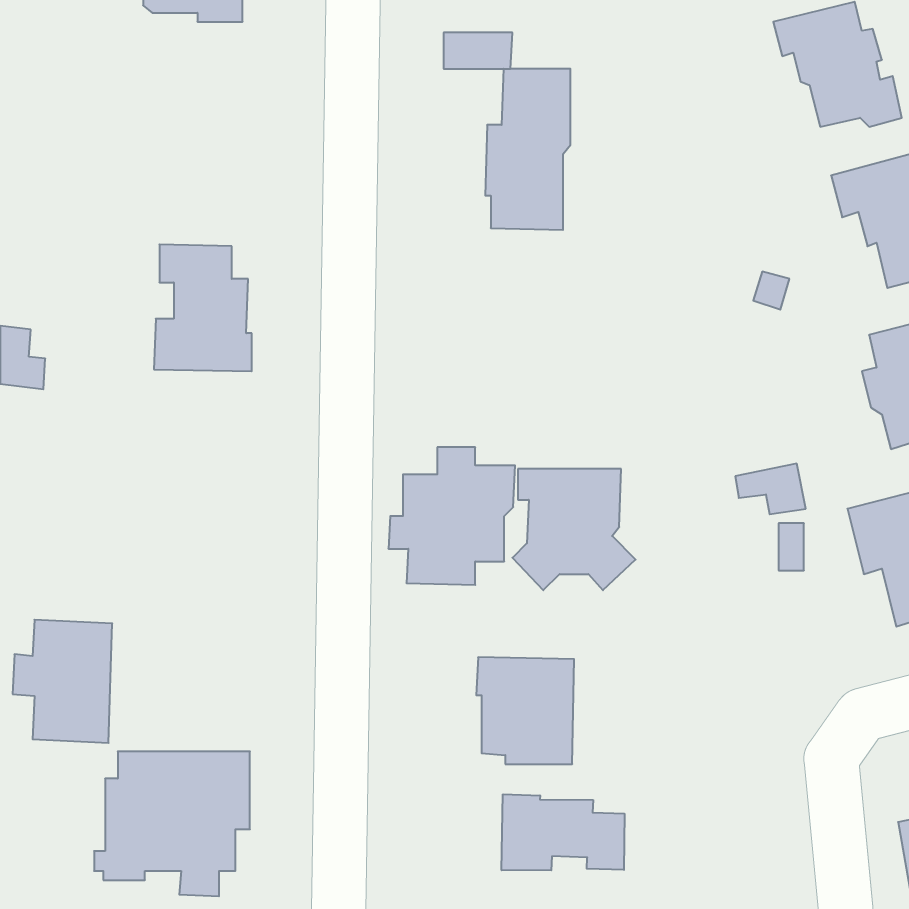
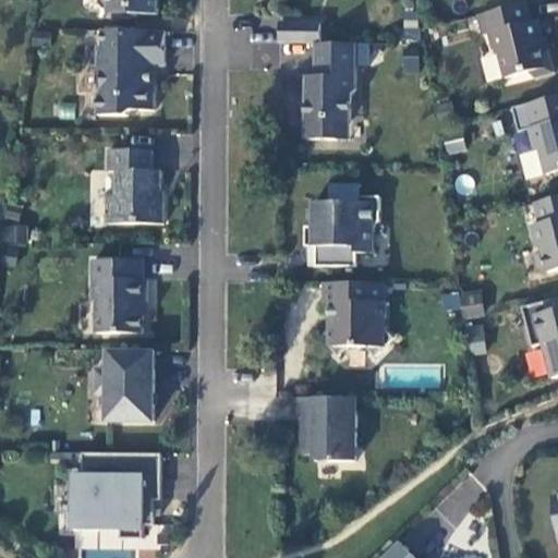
building: none -> [95,28,163,114]
building: none -> [89,257,145,332]
building: [388,447,515,585] -> [302,183,378,266]
building: [13,620,112,743] -> [93,348,153,422]
building: [502,794,624,870] -> none

